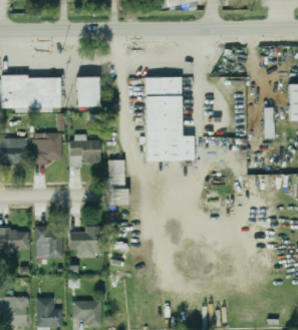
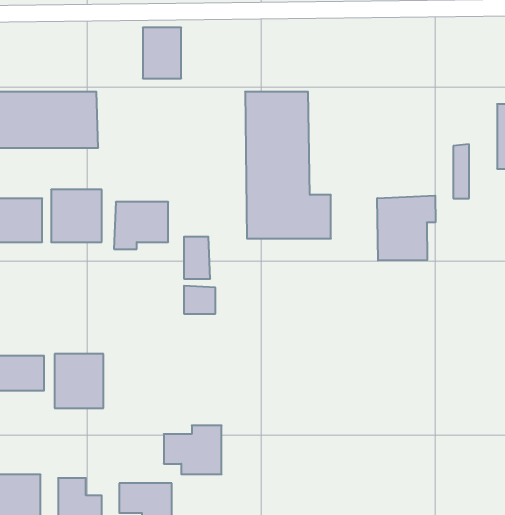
building: [77,77,99,106] -> [143,28,181,78]
building: none -> [377,195,435,261]
building: [69,227,102,255] -> [164,425,222,474]

